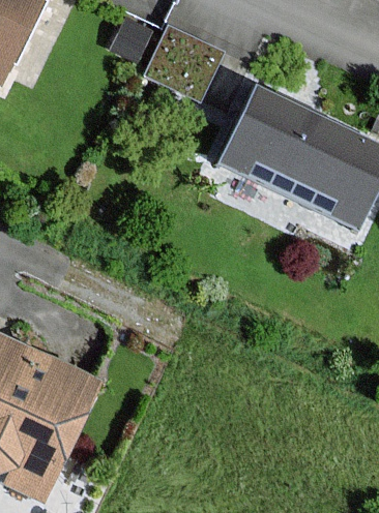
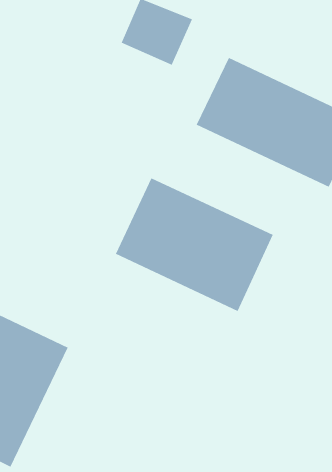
building: none -> [115,178,273,312]

